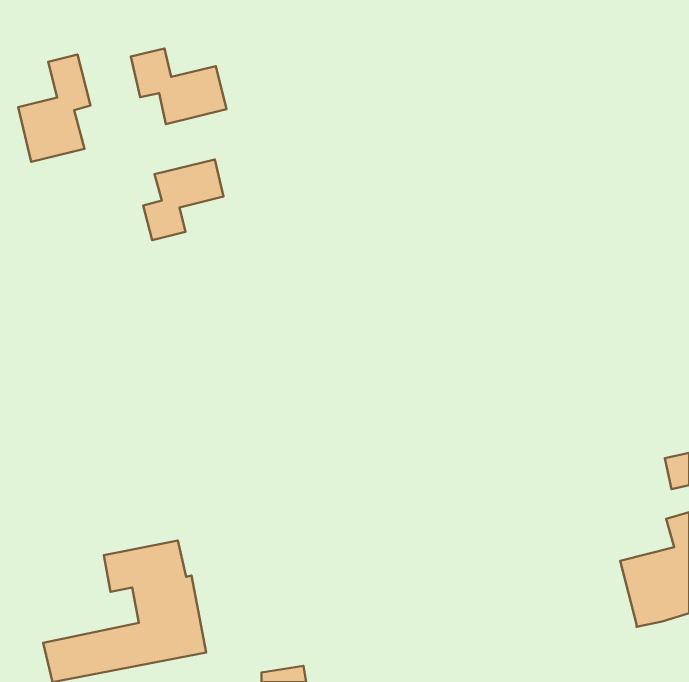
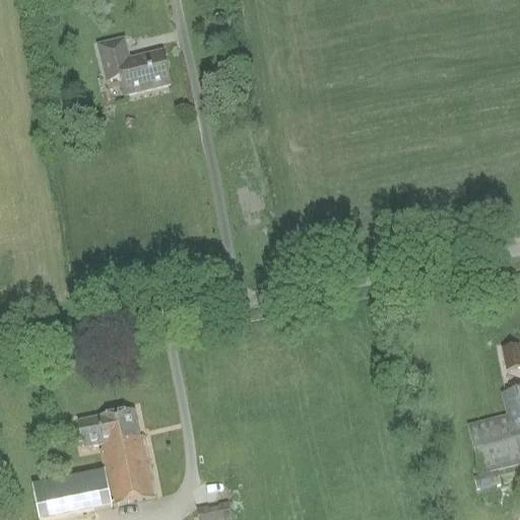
building: [18,54,90,162] -> none
building: [143,160,224,240] -> none

